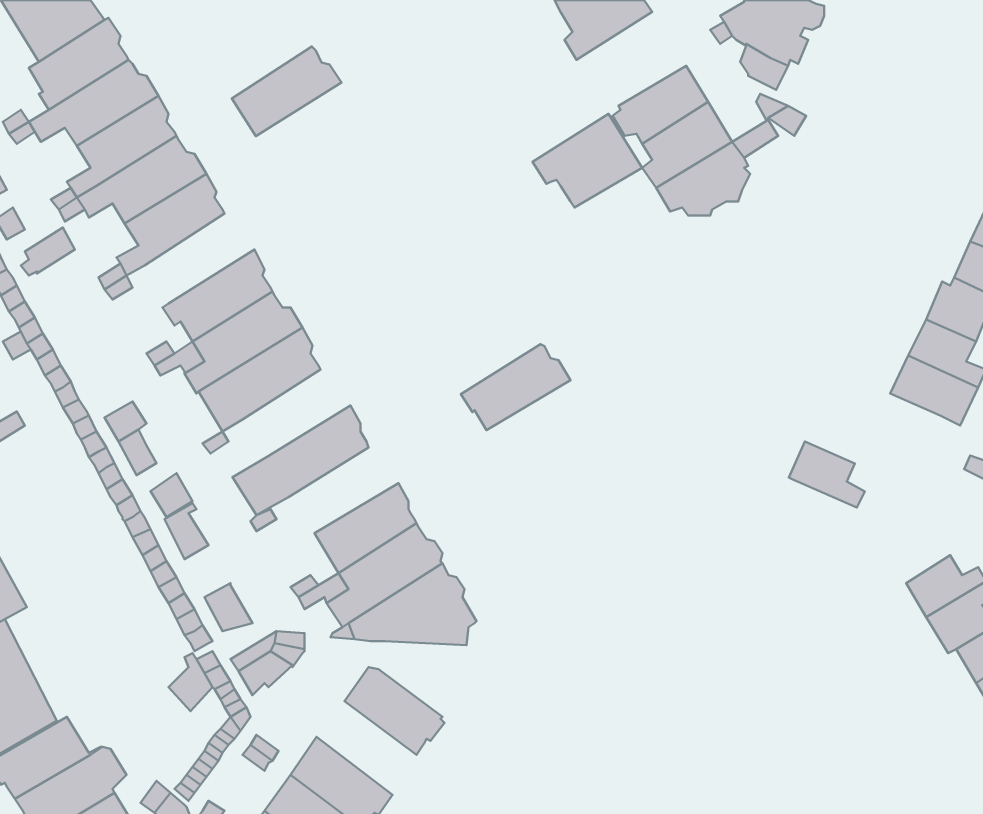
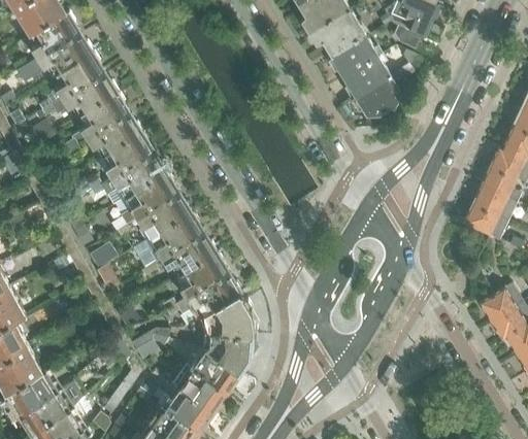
building: [232,46,342,136] -> [87,112,143,159]
building: [532,114,642,208] -> [309,8,366,57]
building: [461,344,571,430] -> [161,233,218,277]
building: none -> [137,193,193,238]
building: [789,442,865,508] -> [463,205,502,239]
building: none -> [202,333,258,372]
building: none -> [175,364,227,412]

